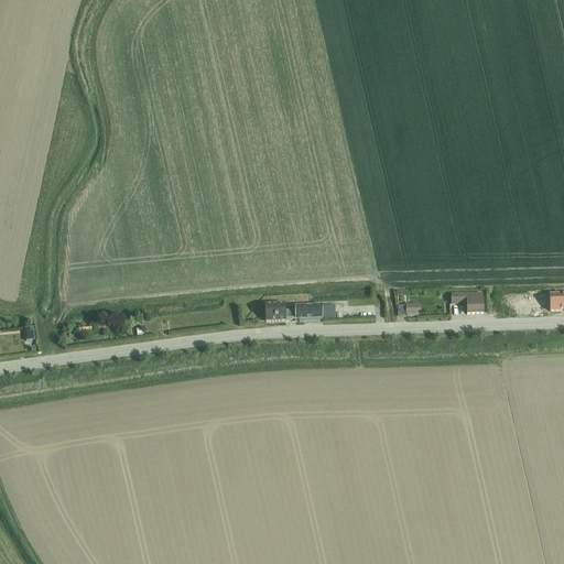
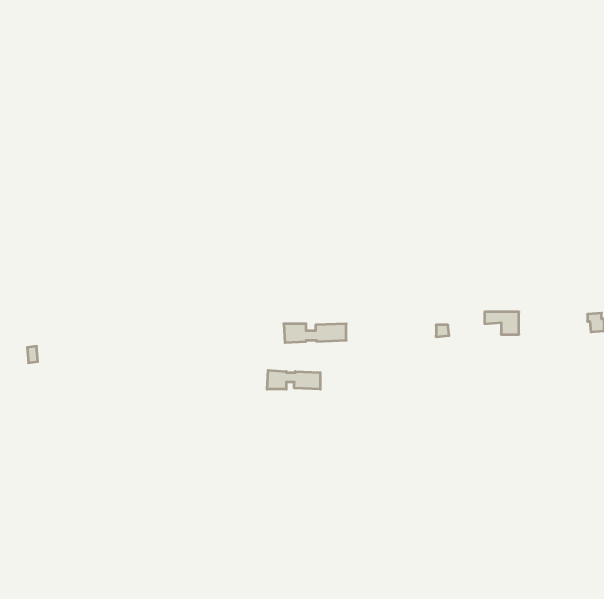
building: none -> [267,370,320,389]

